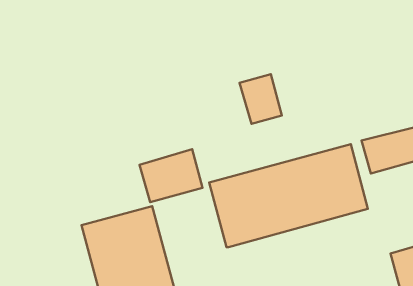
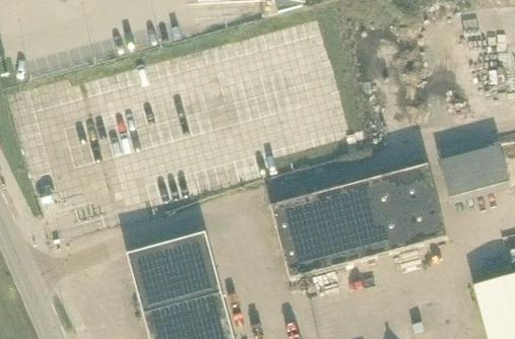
building: [239,74,282,124] -> none
building: [140,149,203,202] -> none

